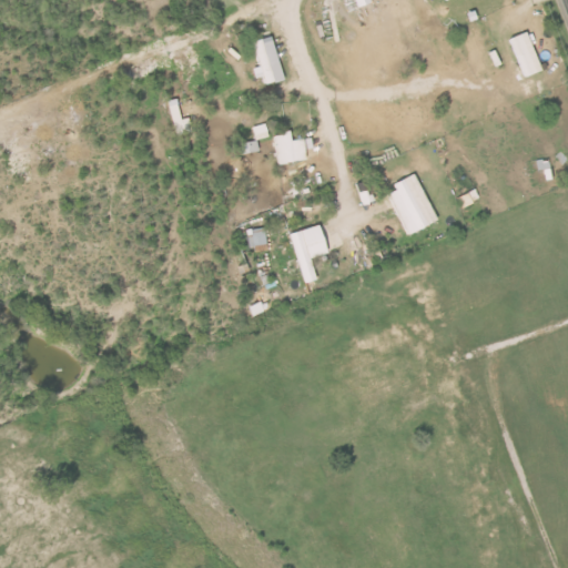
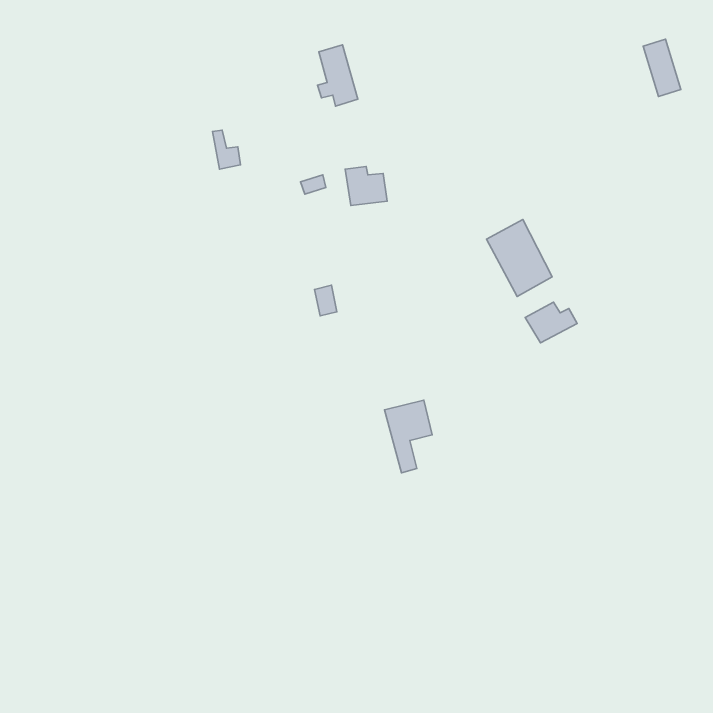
building: [291,225,328,283] -> [385,400,432,473]
building: none -> [525,302,577,343]

